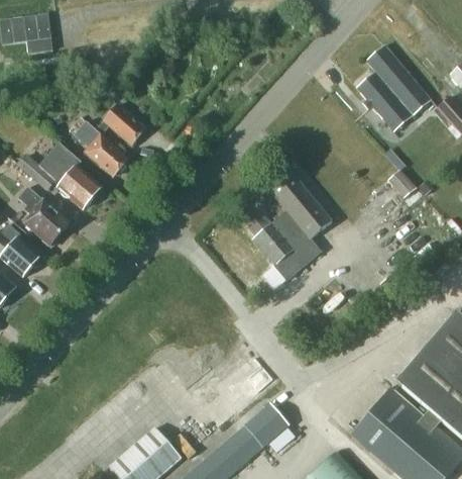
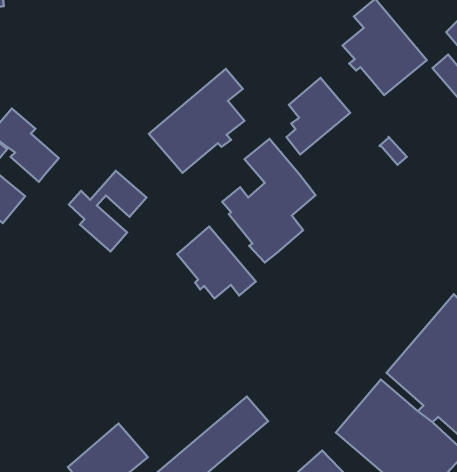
building: [76,104,145,177] -> [69,171,146,252]
building: none -> [149,69,245,173]
building: none -> [287,78,350,155]
building: none -> [177,226,256,299]

